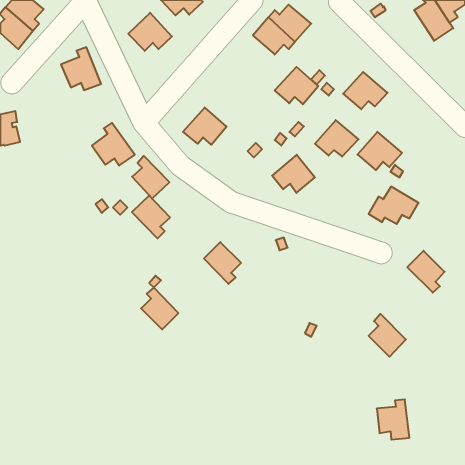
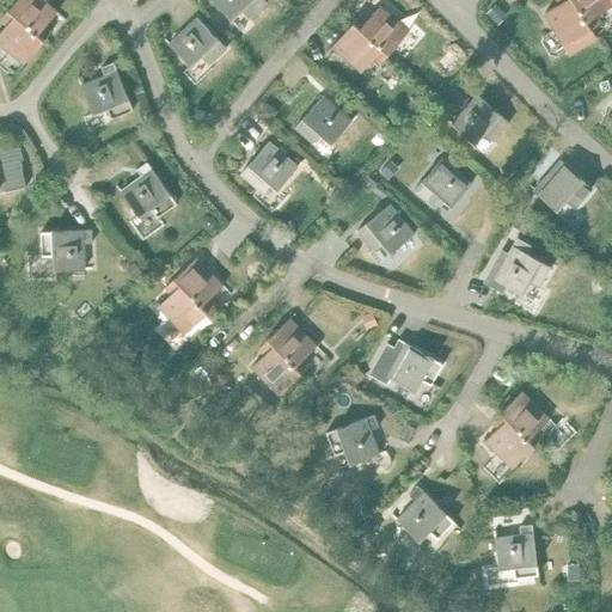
building: [275,67,318,104] -> [294,96,351,145]
building: [357,132,402,170] -> [533,160,592,210]
building: [132,156,169,199] -> [158,279,207,335]
building: none -> [41,230,92,270]
building: [407,251,445,293] -> [500,391,549,446]
building: none -> [371,338,443,392]
building: [141,288,178,329] -> [251,339,300,394]
building: none -> [326,415,379,465]
building: none -> [397,485,454,541]

